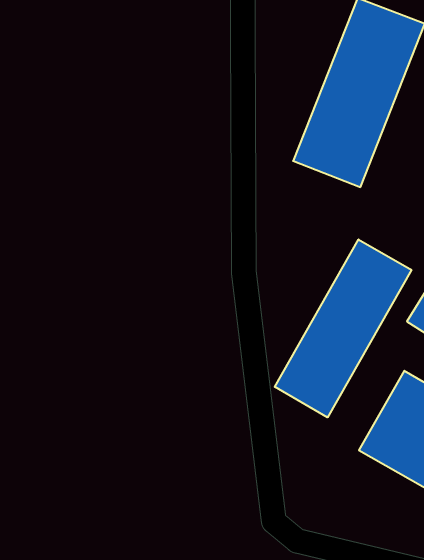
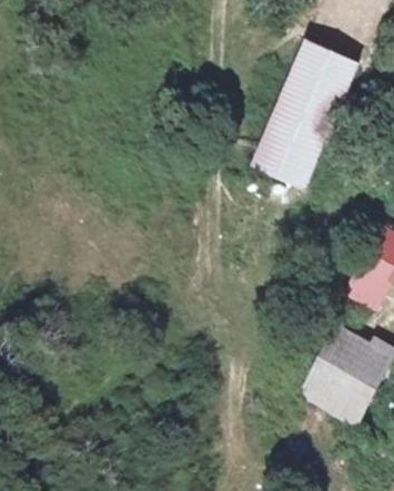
building: [275,239,411,417] -> none

